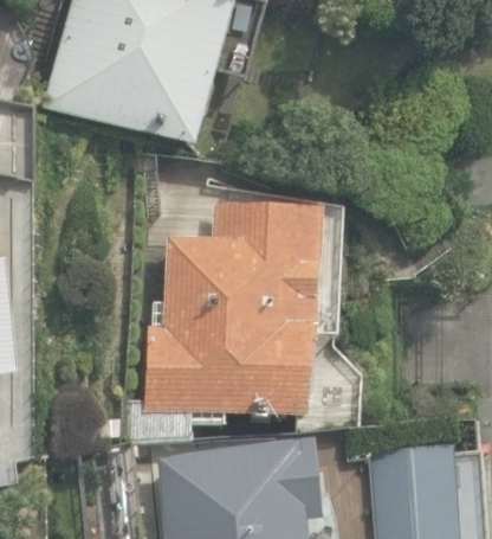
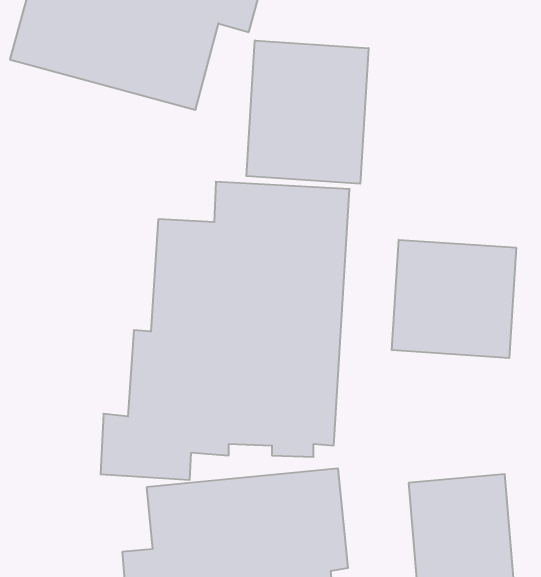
building: none -> [246,40,369,184]
building: none -> [392,240,516,358]

